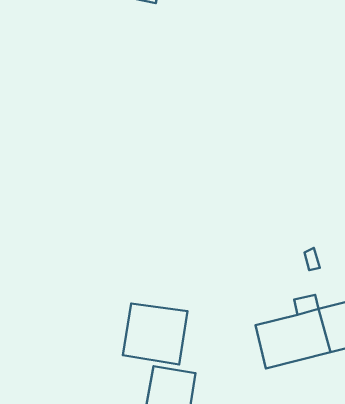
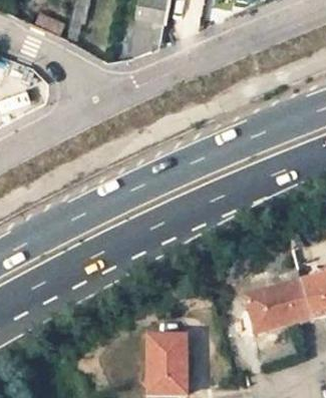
building: [123,303,188,364] -> none

